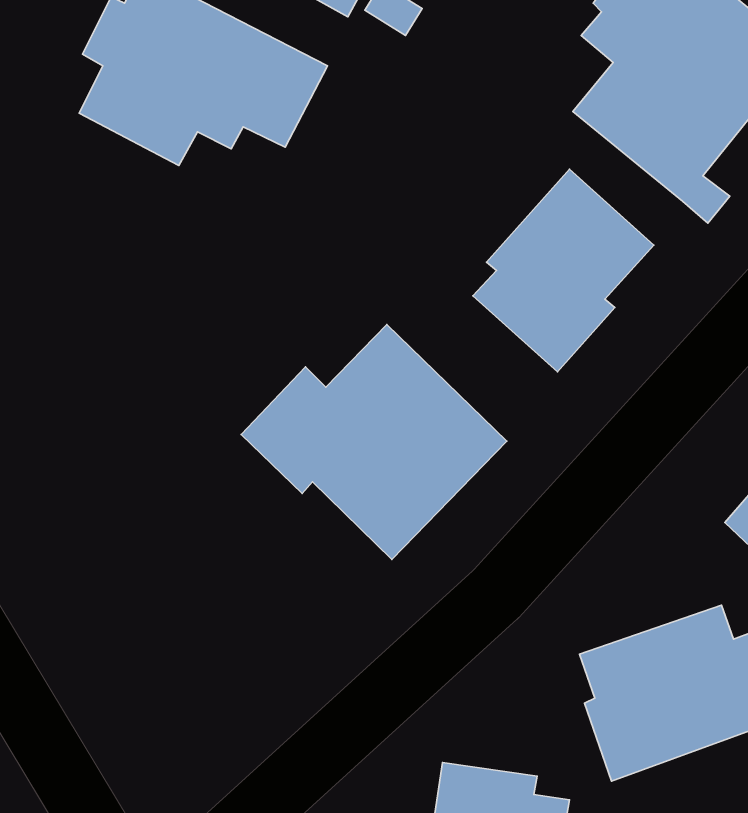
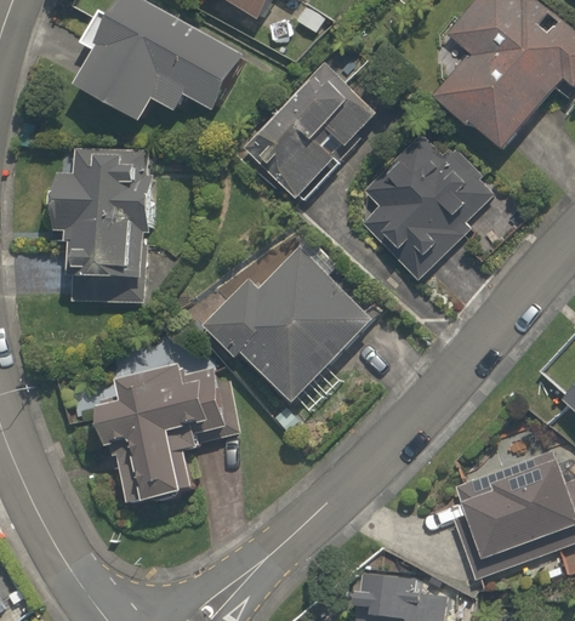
building: none -> [238,57,386,209]
building: none -> [47,141,161,292]
building: none -> [101,359,234,515]

